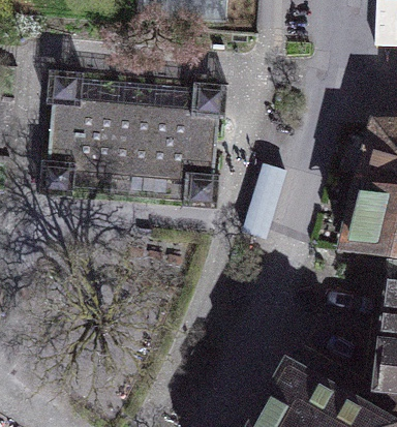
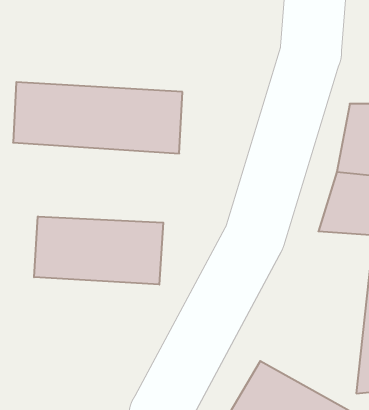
building: none -> [34,216,163,285]

